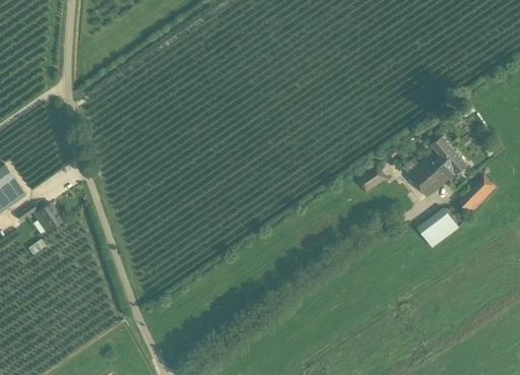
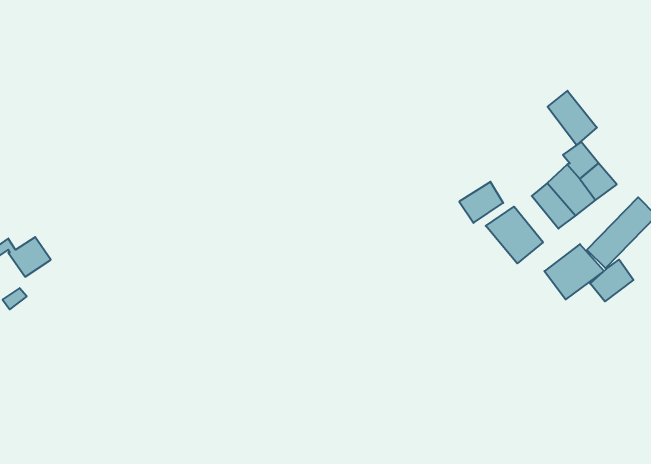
building: none -> [548,91,597,145]
building: none -> [486,207,543,263]
building: none -> [590,260,633,301]

